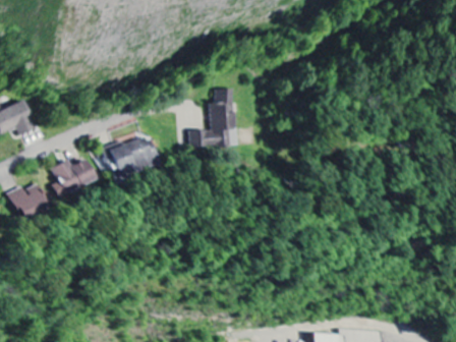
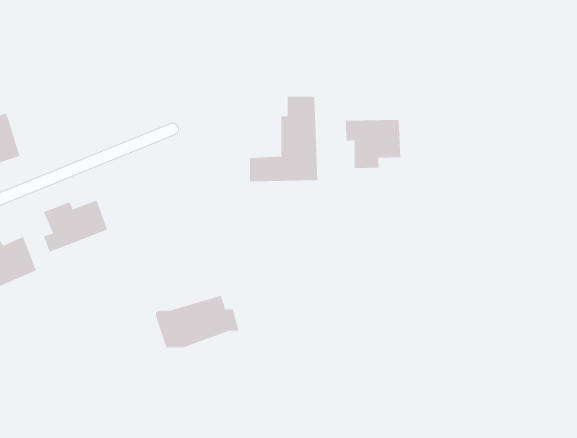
building: none -> [345,119,401,169]
building: [102,136,159,172] -> [155,295,239,348]

